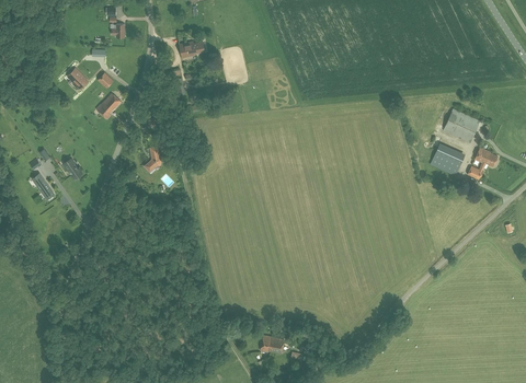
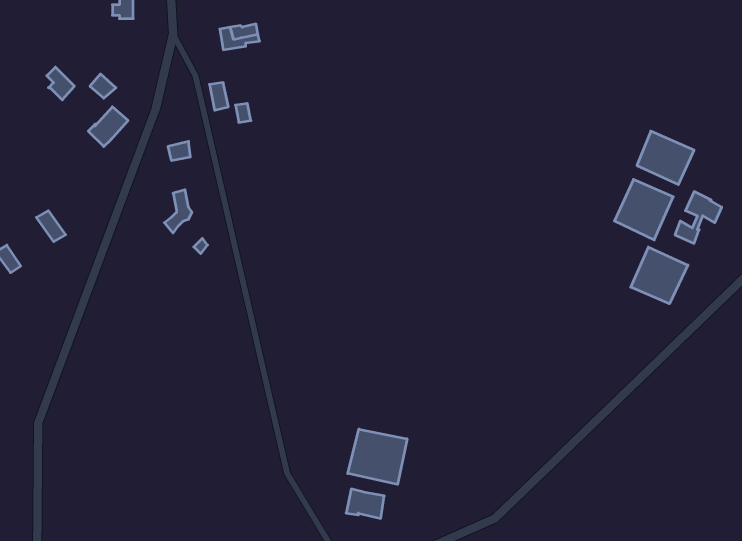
building: none -> [631,247,688,304]
building: none -> [348,429,407,484]

